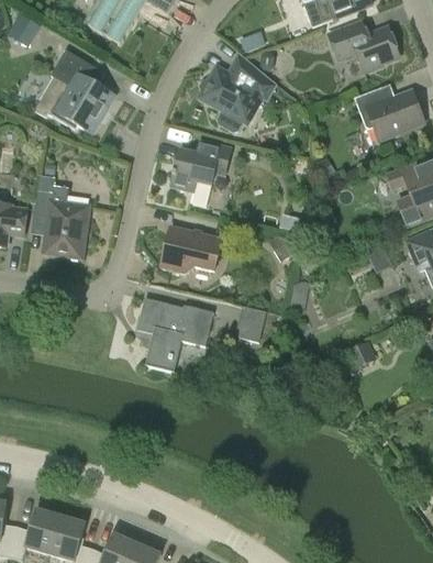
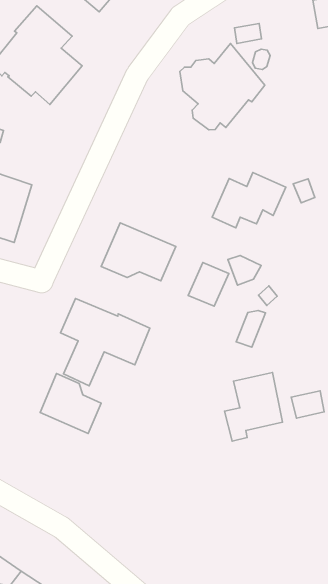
building: [170,141,230,191] -> [212,173,286,228]
building: [234,305,266,341] -> [188,263,229,306]
building: none -> [225,373,283,441]
building: none -> [40,374,101,434]

